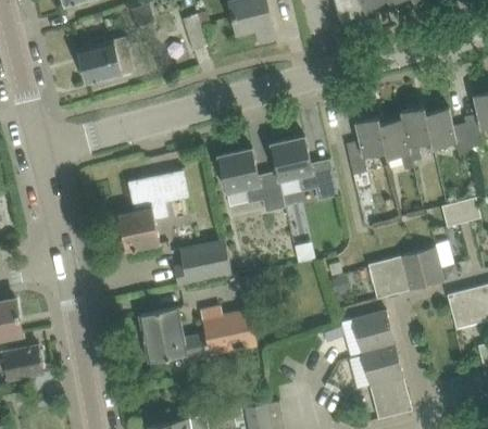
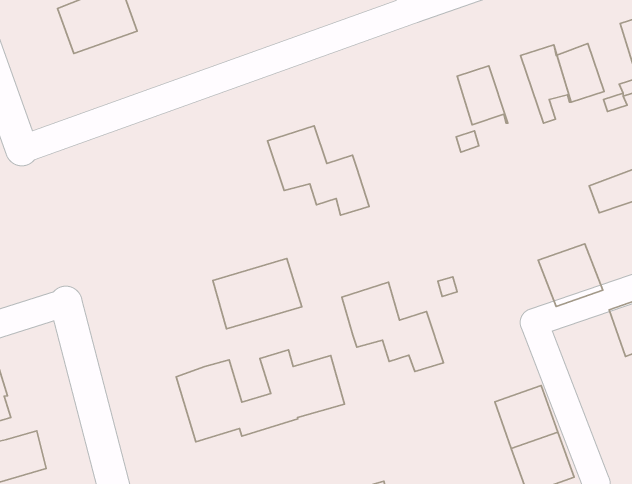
building: [377,112,413,169] -> none
building: [271,137,338,201] -> [342,282,443,372]
building: [117,172,187,252] -> none
building: [367,256,410,300] -> none
building: [352,312,395,353] -> none

